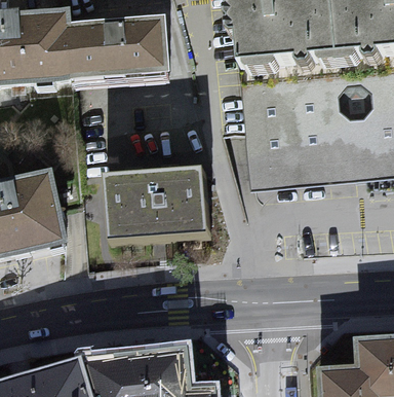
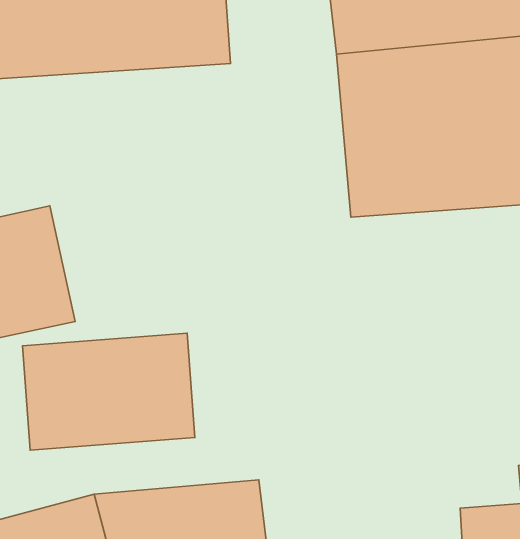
building: [100,165,211,241] -> [22,333,195,450]

